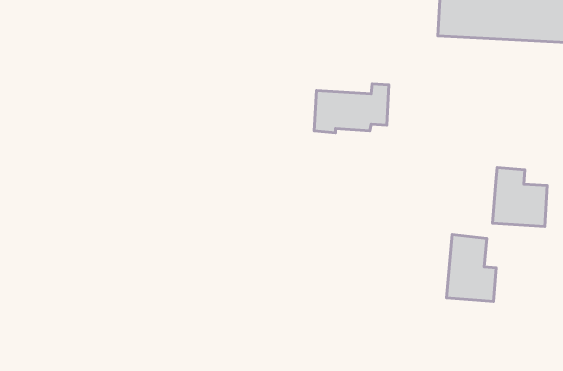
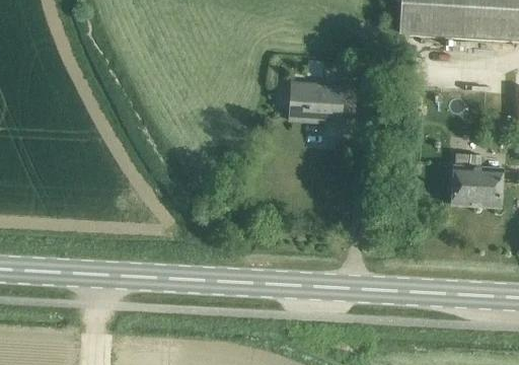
building: [446,234,496,301] -> none

